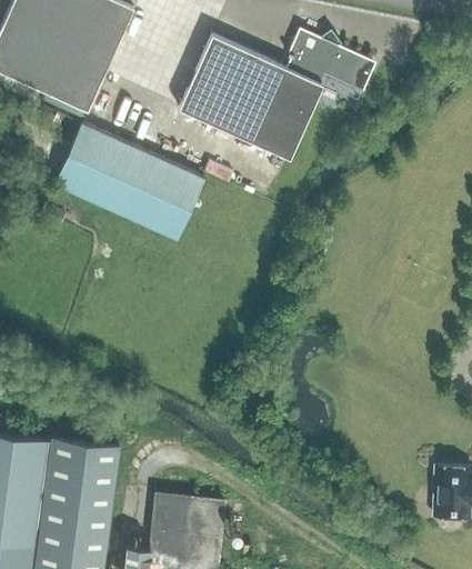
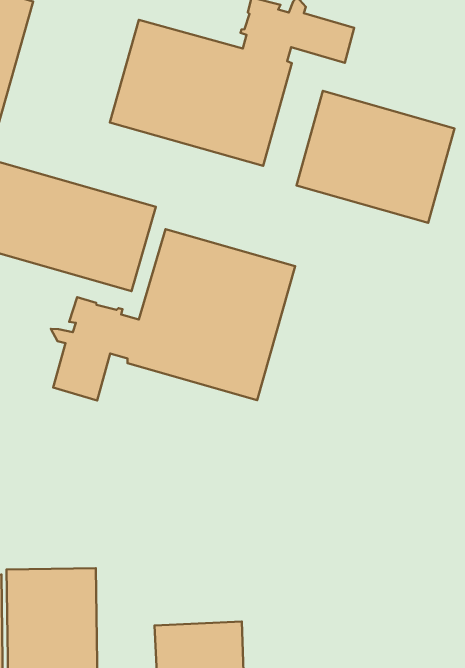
building: none -> [296,91,455,223]
building: none -> [51,229,295,400]

